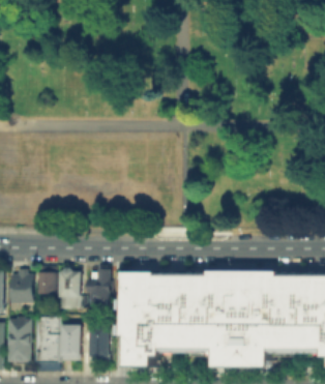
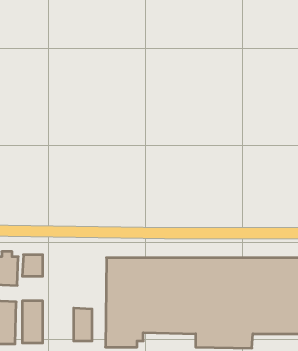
building: [58,267,79,309] -> none
building: [86,268,109,303] -> none
building: [60,324,78,357] -> none

